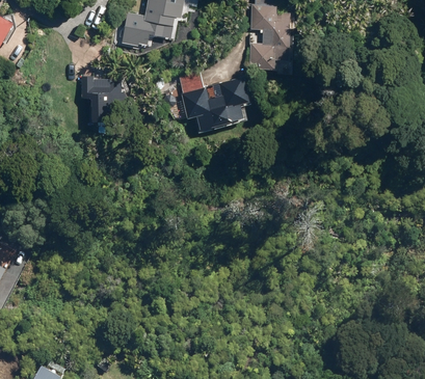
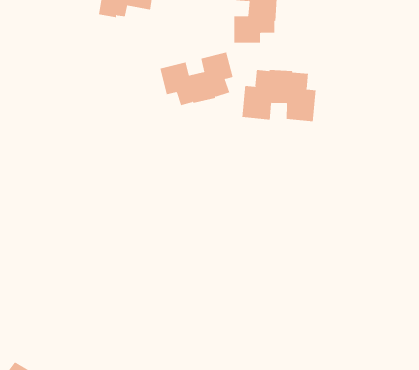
building: [81,75,123,119] -> none
building: none -> [242,69,316,122]

